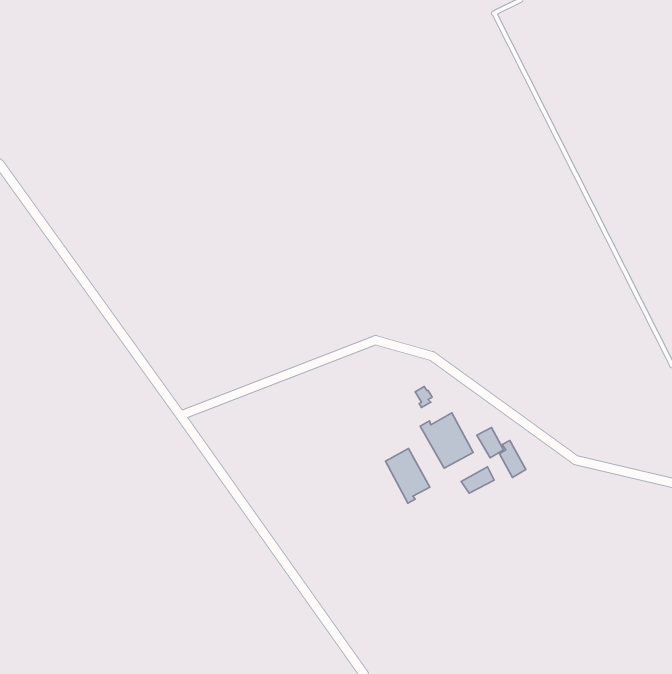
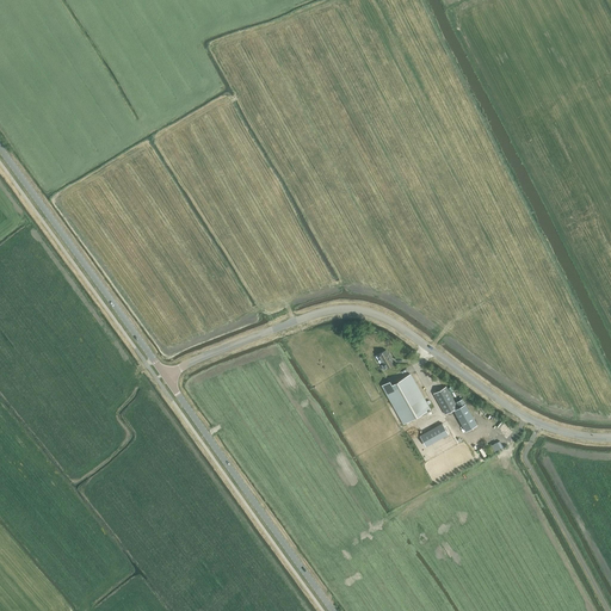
building: [385,449,430,503] -> none

